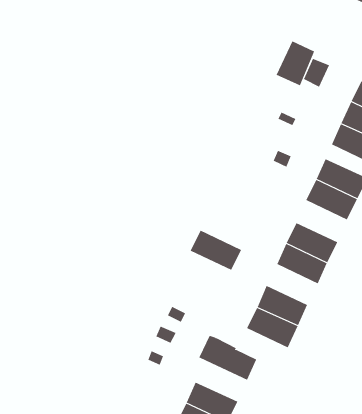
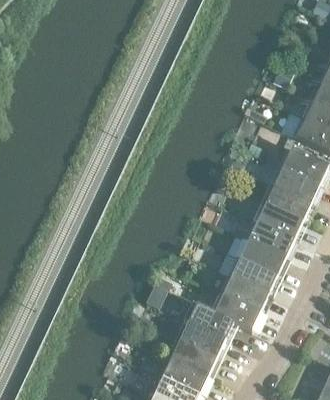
building: [276,41,315,86] -> none
building: none -> [267,183,311,219]
building: [190,230,242,271] -> [241,238,286,273]
building: none -> [215,293,260,329]
building: none -> [180,321,225,356]

